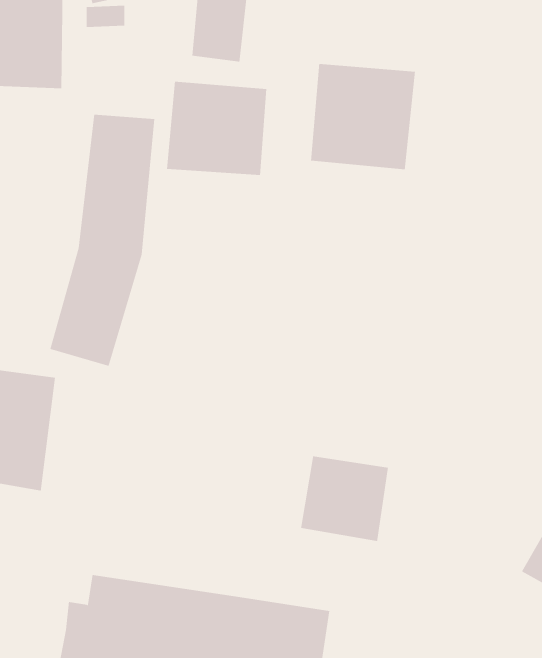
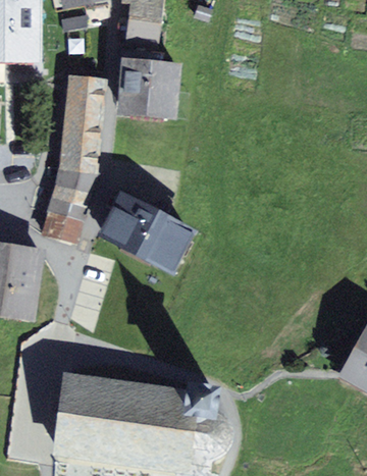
building: [311,63,415,170] -> none
building: none -> [97,195,193,275]
building: [301,456,389,542] -> none

